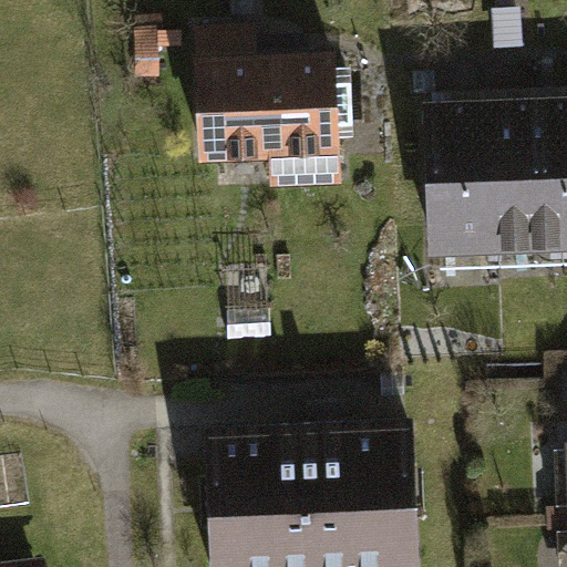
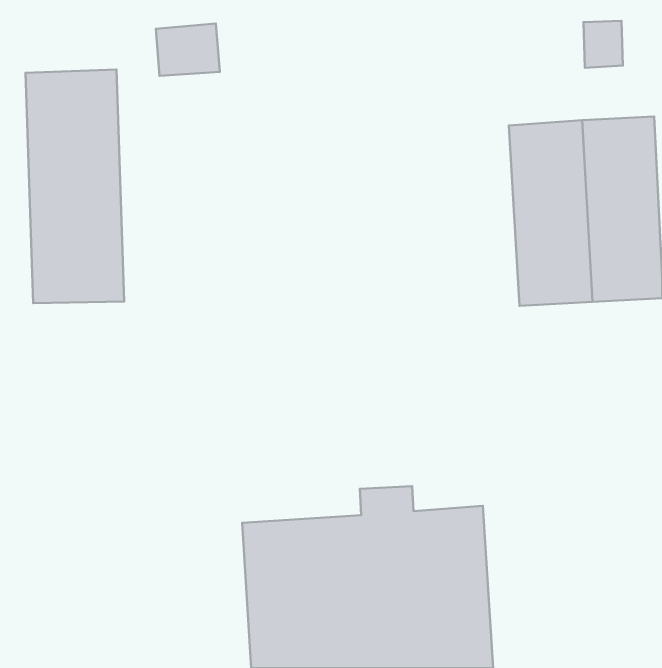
building: [198,38,350,196] -> none
building: none -> [26,69,124,303]

